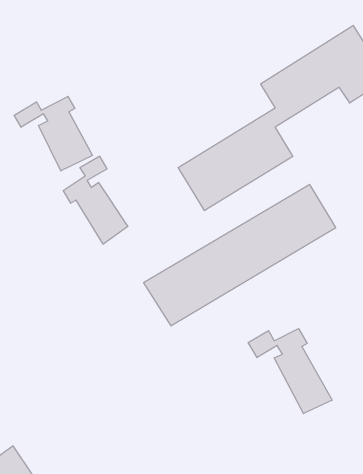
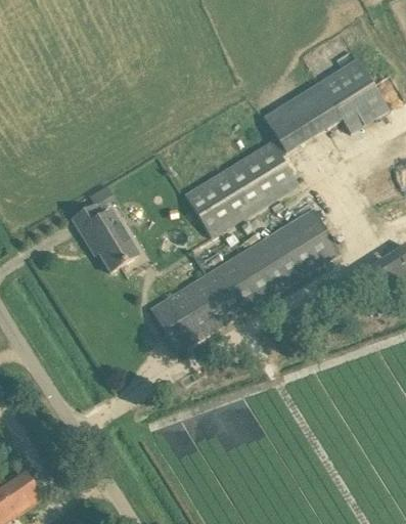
building: [14,96,92,171] -> none
building: [248,329,332,414] -> none

